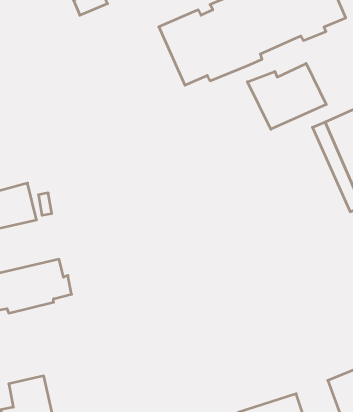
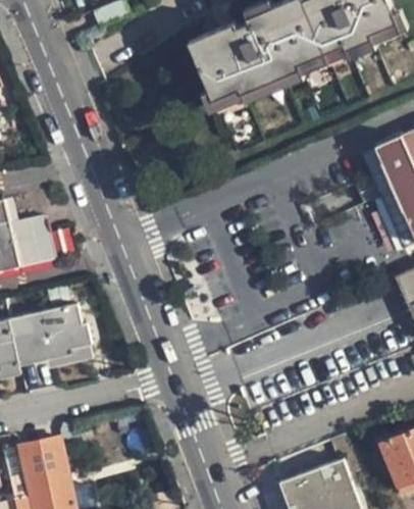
building: [247,63,326,129] -> none

